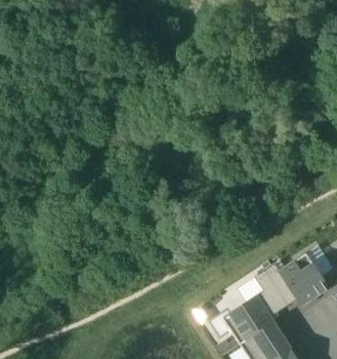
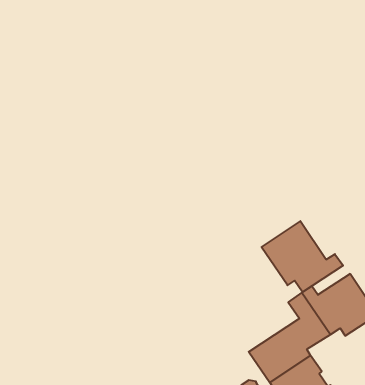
building: none -> [262,221,343,292]

